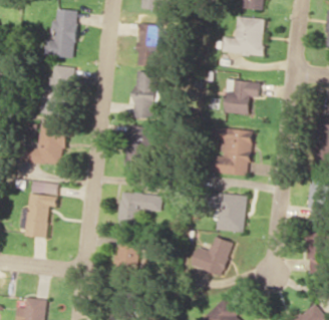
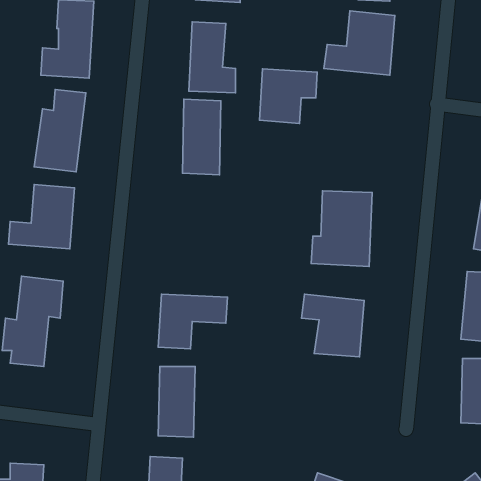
building: [224,80,260,114] -> [259,69,317,124]
building: [123,125,153,172] -> none
building: [192,236,234,277] -> none

